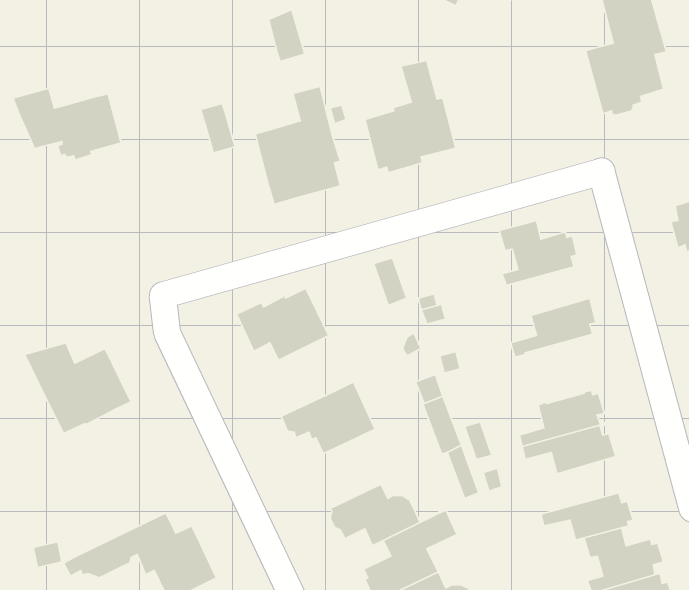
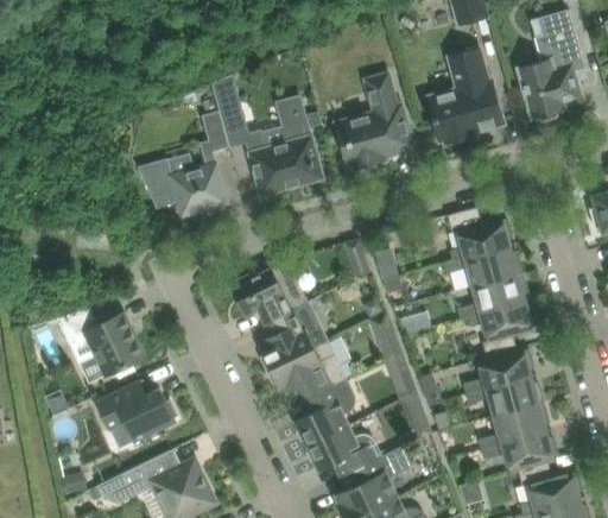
building: [269,10,305,61] -> [211,76,241,119]
building: none -> [428,50,504,145]
building: [13,88,121,160] -> [138,159,227,219]
building: none -> [444,245,521,286]
building: none -> [468,302,536,359]
building: none -> [261,303,318,369]
building: none -> [296,380,353,446]
building: none -> [96,381,176,449]
building: none -> [477,403,550,450]

